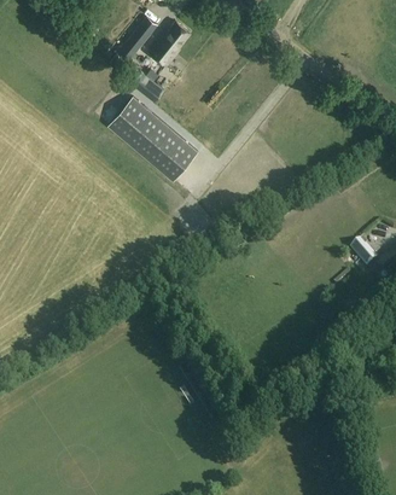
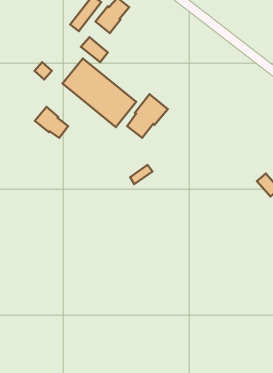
building: none -> [127,94,168,138]
building: none -> [35,107,68,138]

